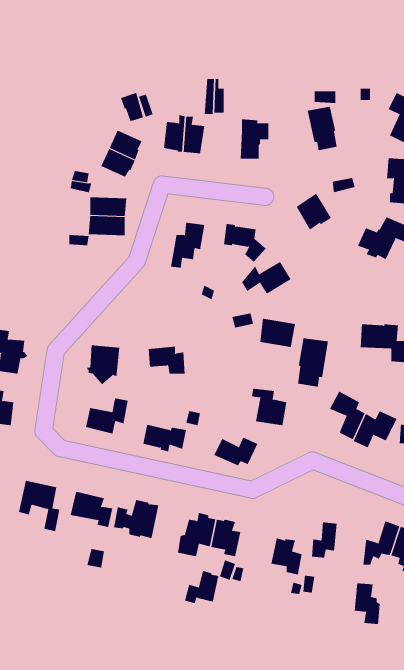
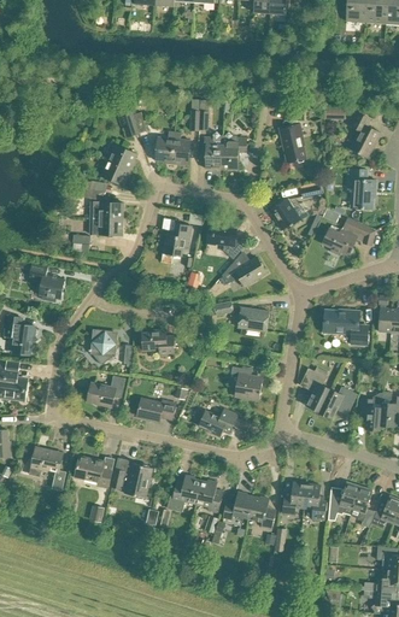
building: none -> [205,134,223,169]
building: none -> [29,262,65,301]
building: [297,338,329,388] -> none
building: [184,570,219,604] -> [223,490,253,519]
building: [354,583,380,625] -> [304,483,327,519]

